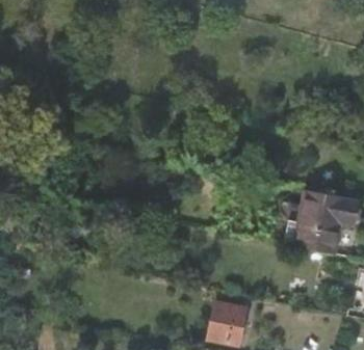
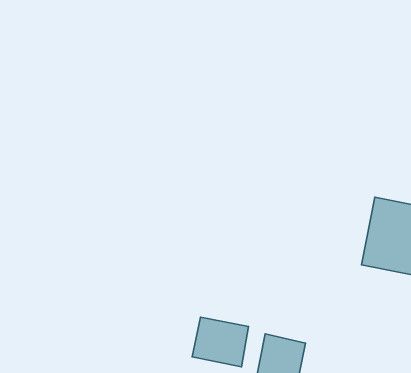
building: none -> [192,317,248,367]

